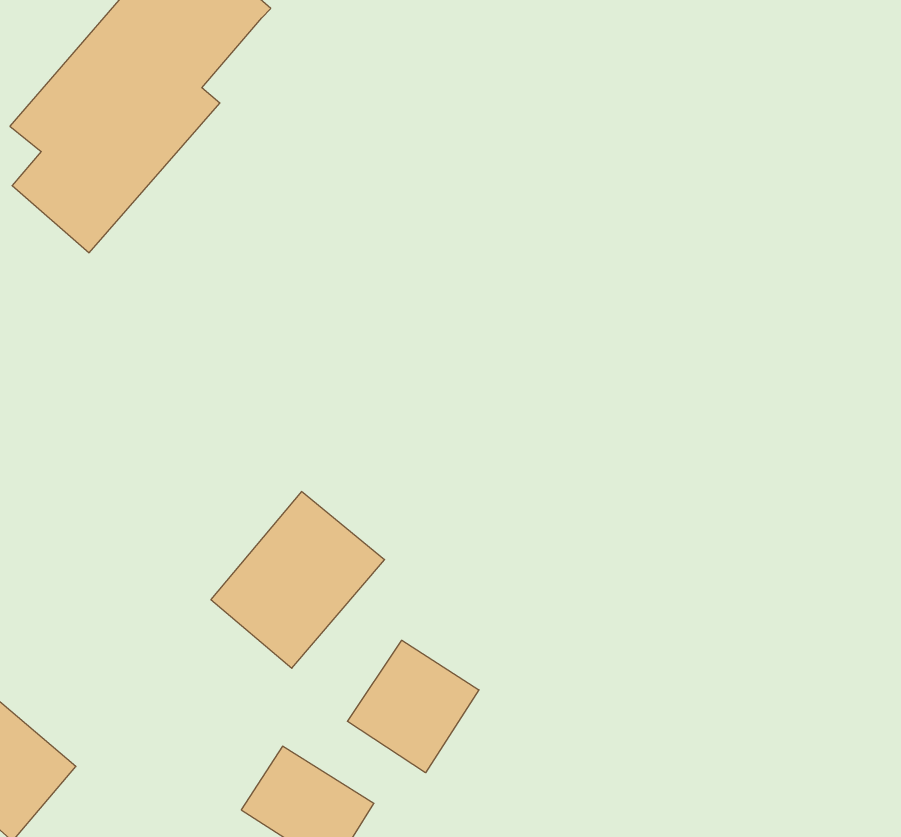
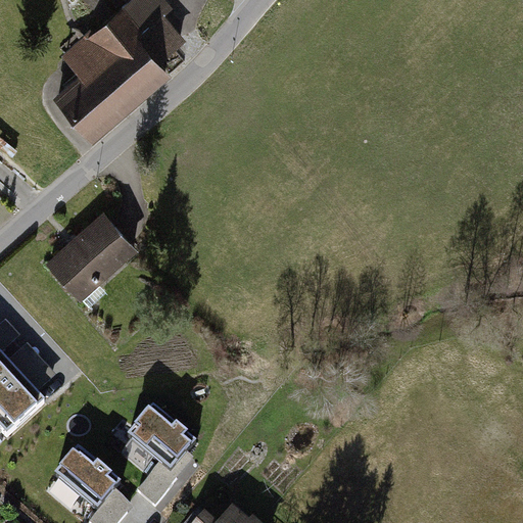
building: [211,492,385,668] -> [46,210,138,300]
building: [347,640,479,773] -> none

